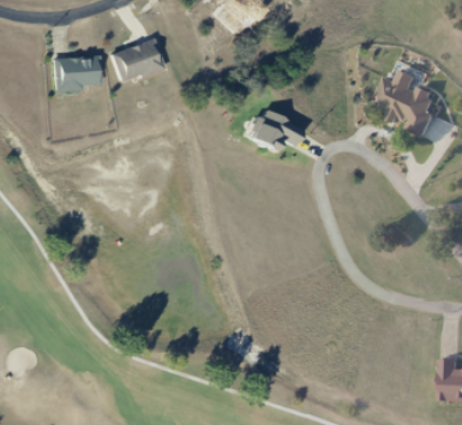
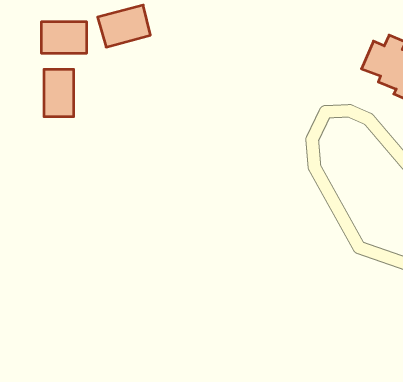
building: none -> [44,69,74,117]
building: [250,109,306,150] -> none

